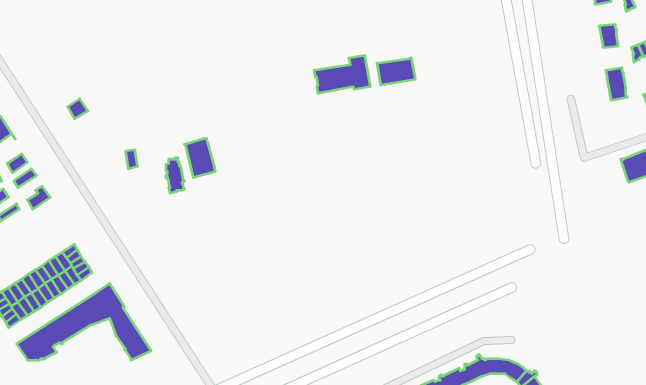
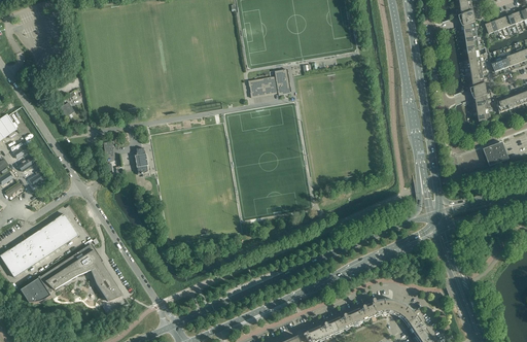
building: [377,58,415,85] -> none
building: [184,138,215,178] -> none

